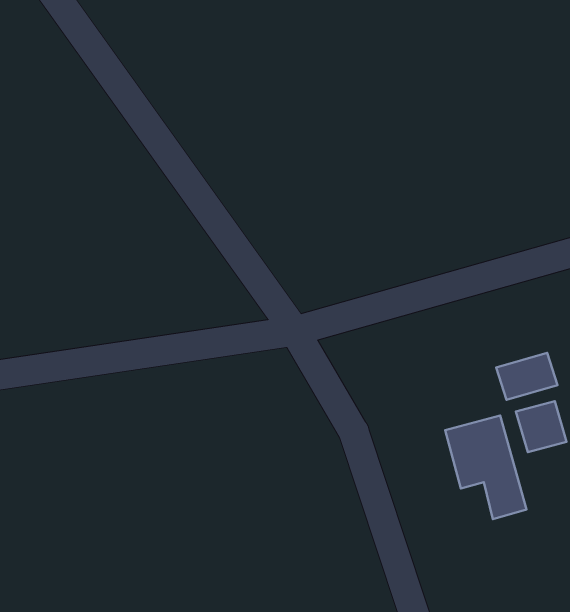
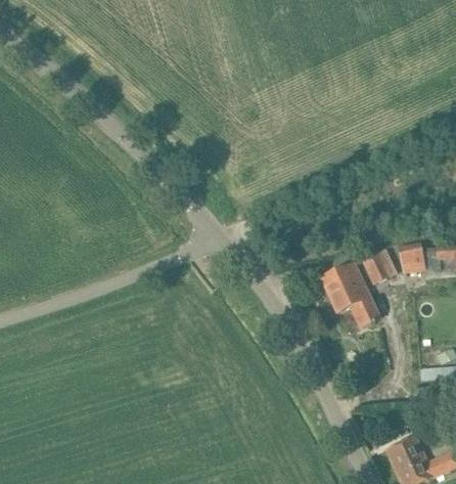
building: [496,353,557,400] -> none

